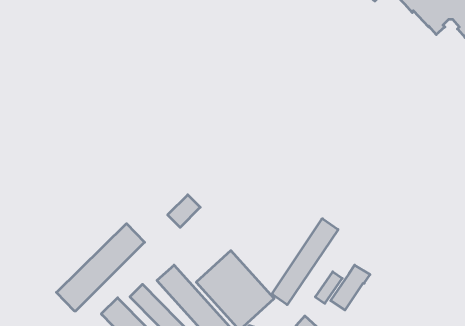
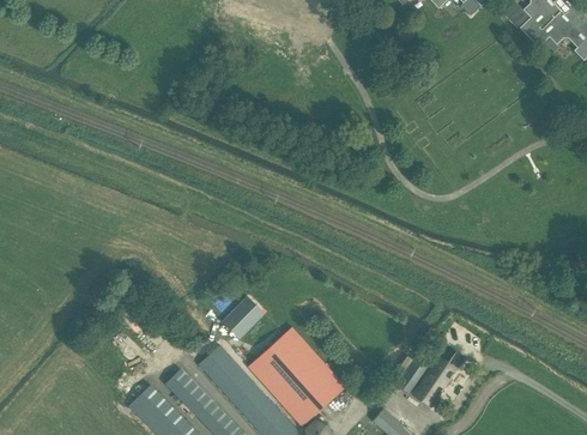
building: [168,195,200,227] -> [223,296,264,337]
building: [272,219,338,305] -> none
building: [56,224,145,311] -> none

